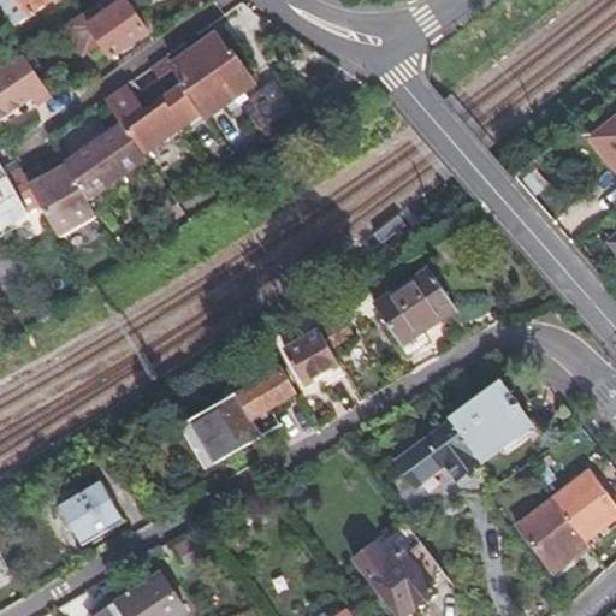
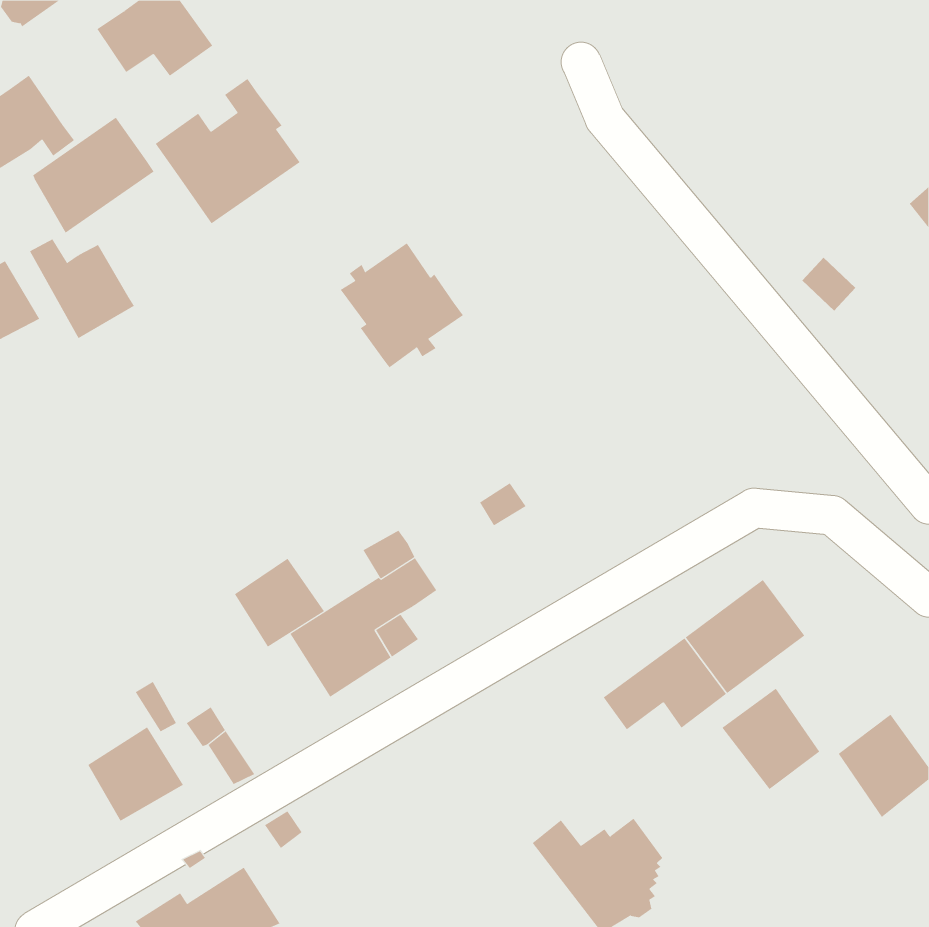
building: [170,31,251,114] -> [340,242,464,368]
building: [64,122,144,199] -> [33,117,155,233]
building: [373,271,454,356] -> none
building: [283,337,332,385] -> none
building: none -> [234,558,325,648]
building: [517,500,582,568] -> [722,688,820,790]

